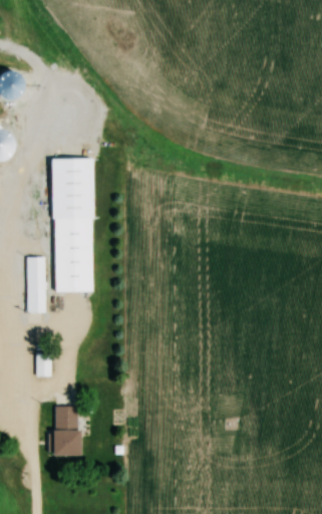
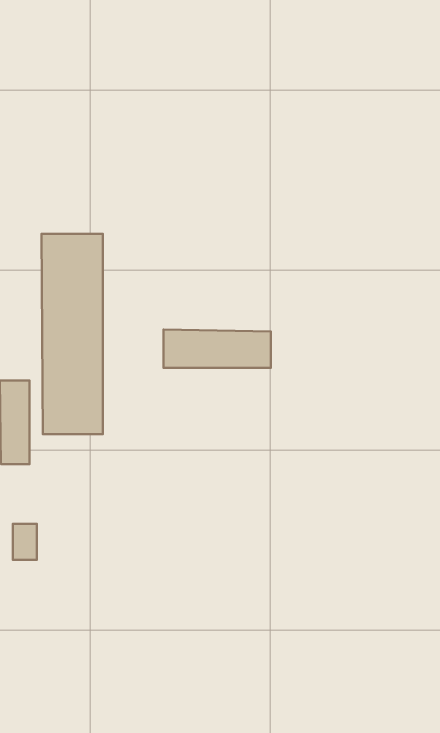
building: none -> [163,329,271,368]
building: [53,406,81,456] -> none

